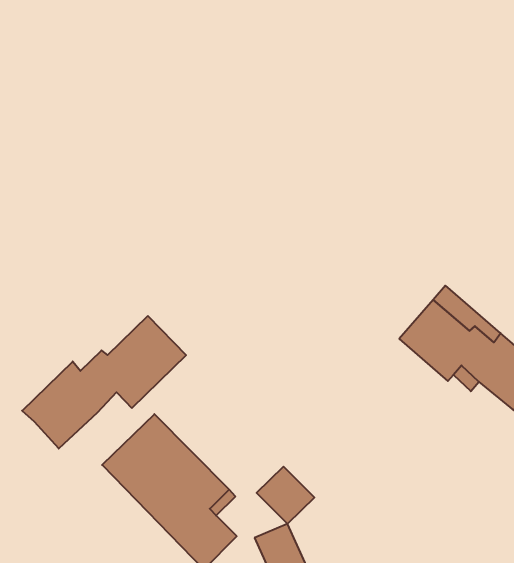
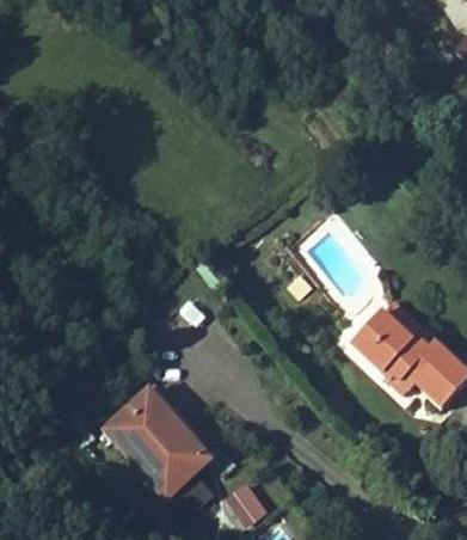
building: [22,316,186,449] -> none
building: [257,467,314,524] -> none

